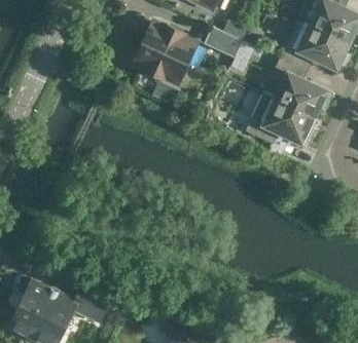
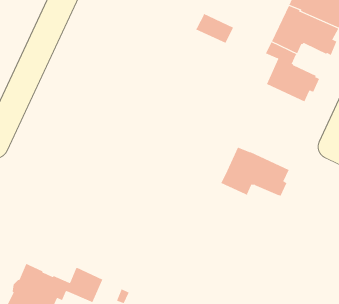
building: [135,24,199,97] -> none
building: [245,93,315,144] -> [220,147,289,196]

